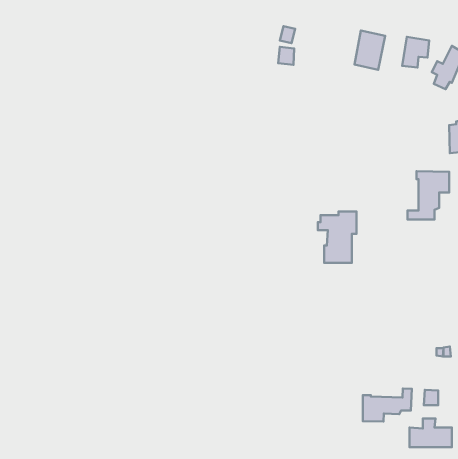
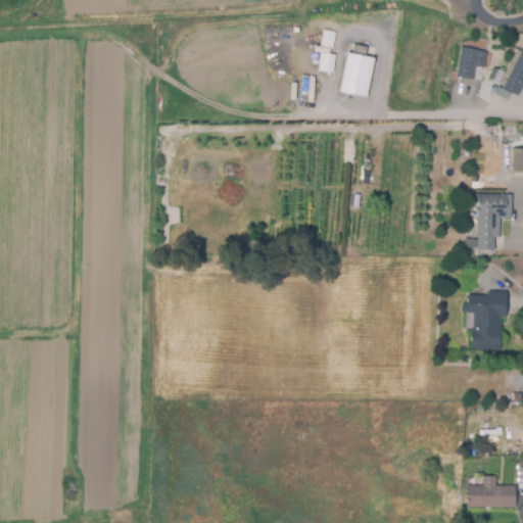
building: [355,30,385,70] -> [342,52,377,97]
building: [318,211,356,263] -> [463,292,507,350]
building: [363,389,412,422] -> none

